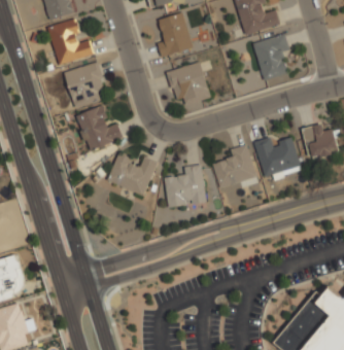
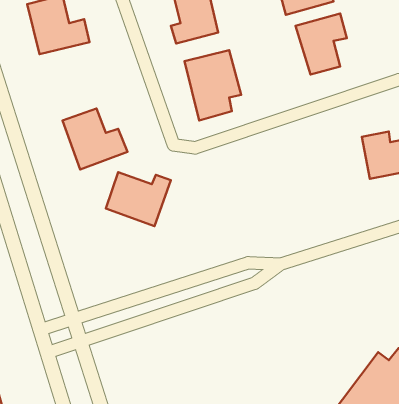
building: [64,62,105,107] -> none
building: [254,136,302,178] -> none
building: [213,143,256,187] -> none
building: [164,163,207,208] -> none

